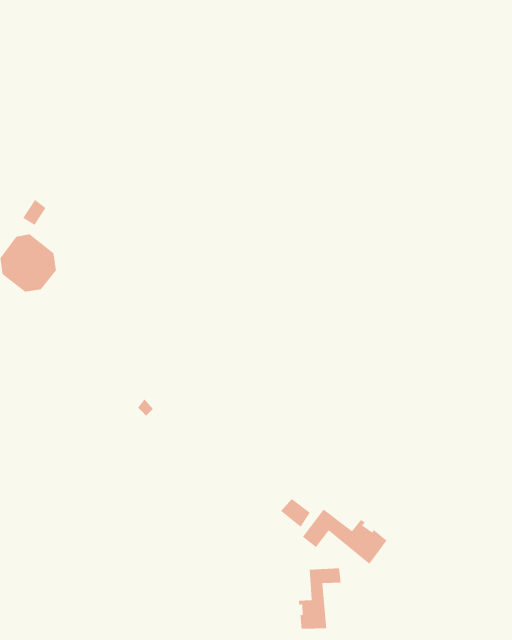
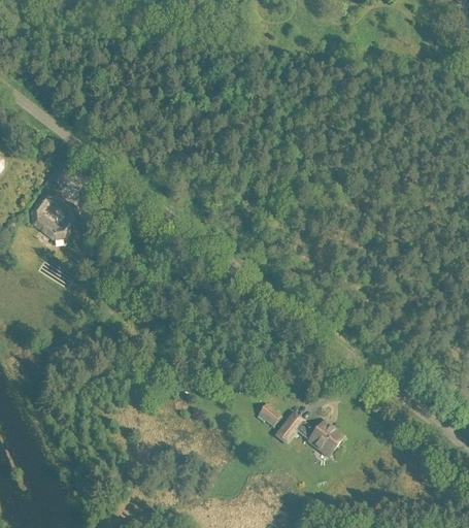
building: [298,568,341,630] -> none

